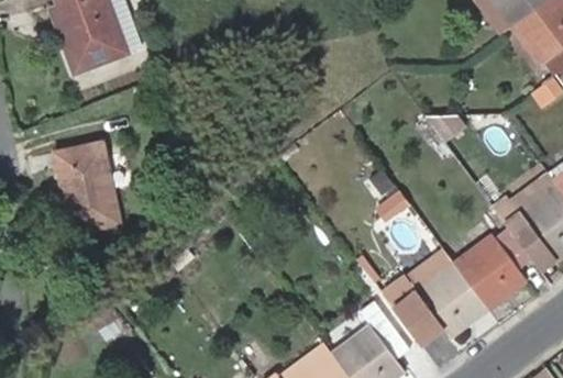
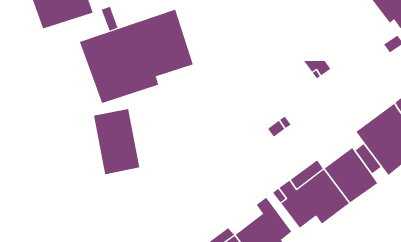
building: none -> [79,9,193,104]
building: [55,143,119,233] -> [93,108,140,175]

